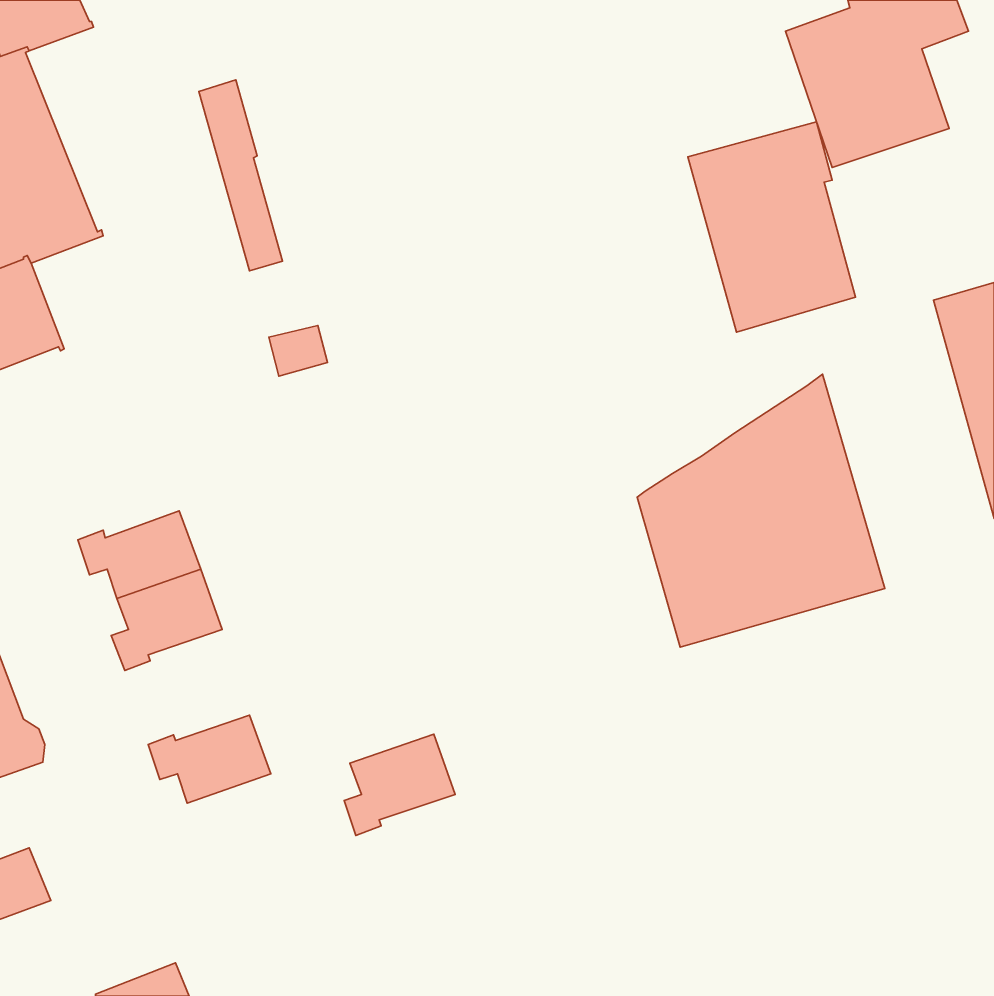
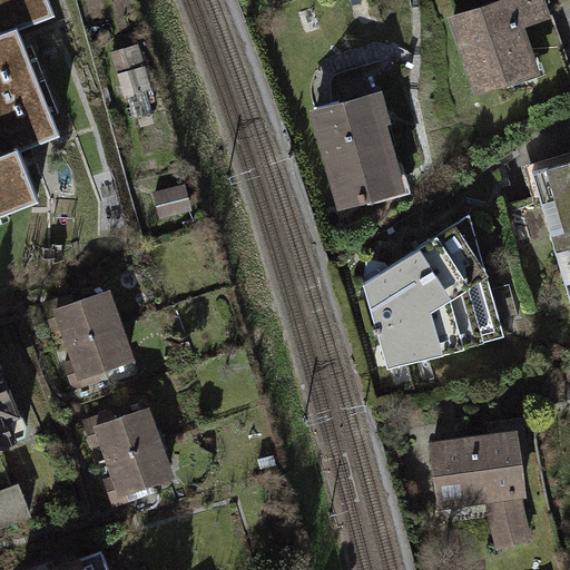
building: [688,122,856,332] -> [309,90,405,210]
building: none -> [428,417,533,551]
building: [344,734,455,835] -> [104,442,167,500]

